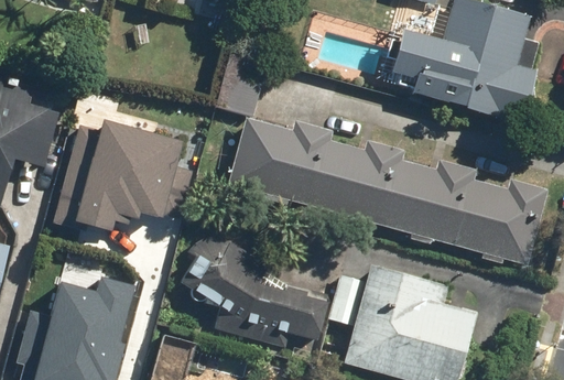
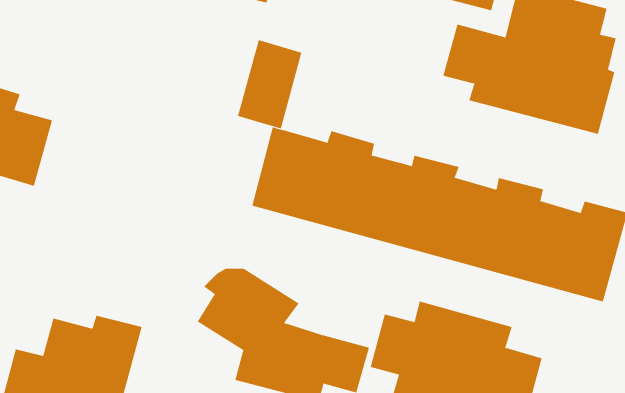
building: [53,120,198,230] -> none

